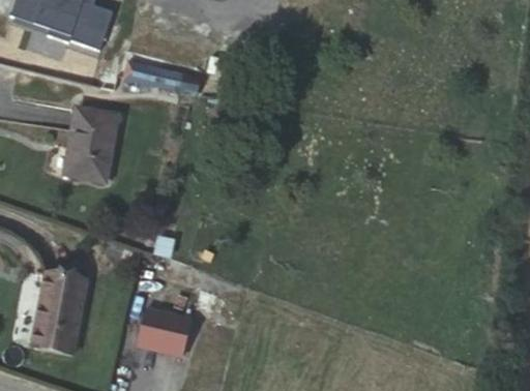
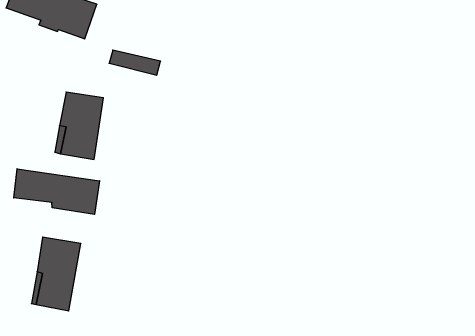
building: none -> [14,169,100,214]
building: [131,309,186,355] -> none

